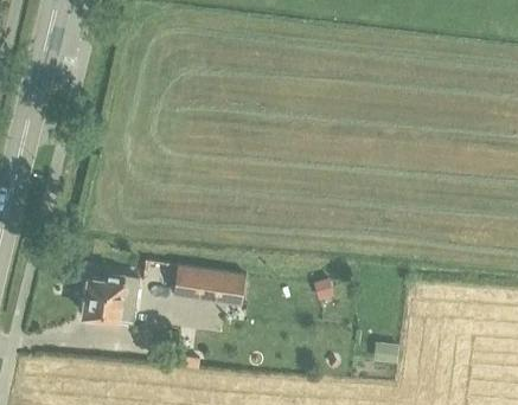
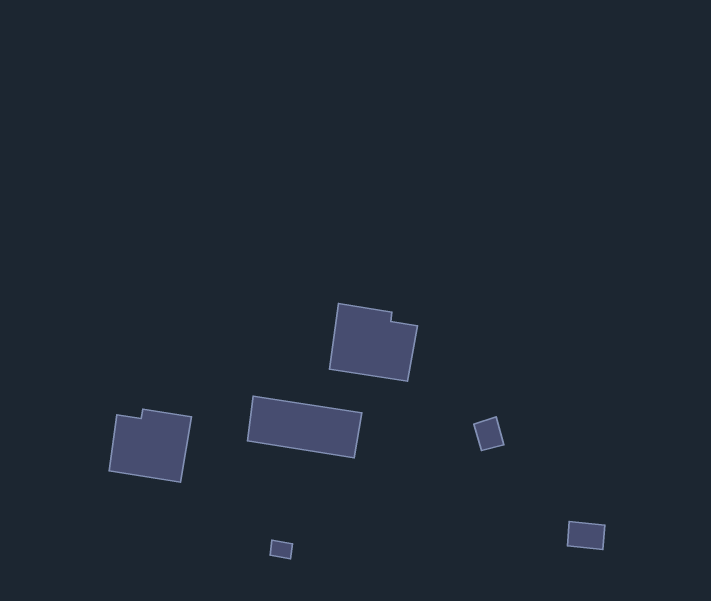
building: none -> [329,304,417,381]

